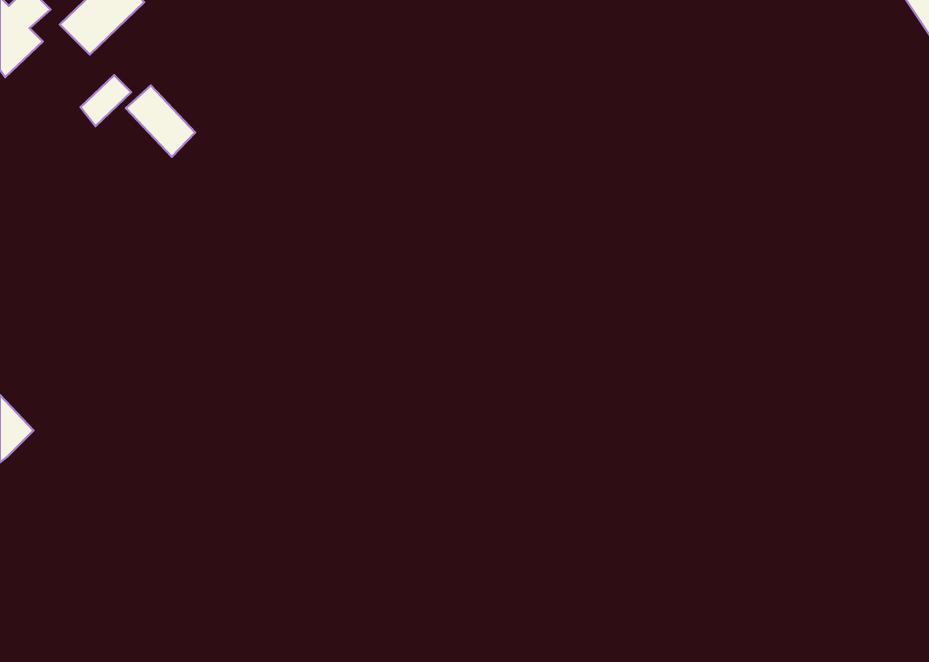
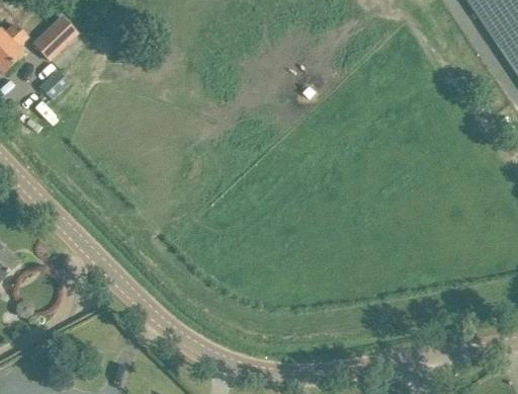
building: [126,85,195,157] -> none

